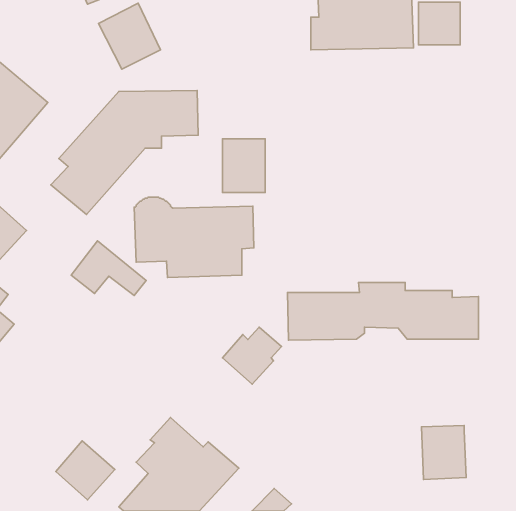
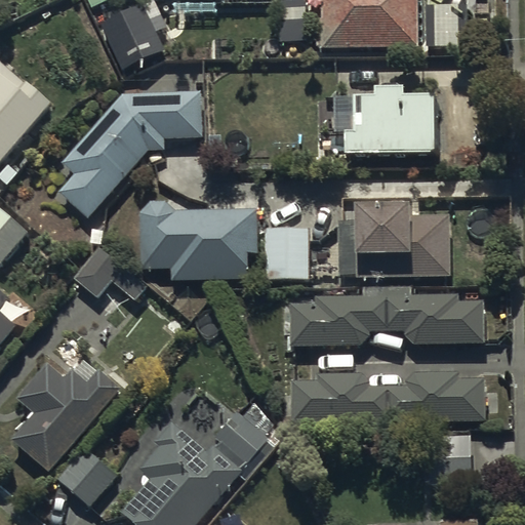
building: none -> [342,88,435,155]
building: [222,139,265,193] -> [265,225,308,279]
building: none -> [355,208,450,278]
building: [223,327,281,384] -> [214,402,274,459]
building: none -> [10,359,129,471]
building: none -> [290,371,483,422]

